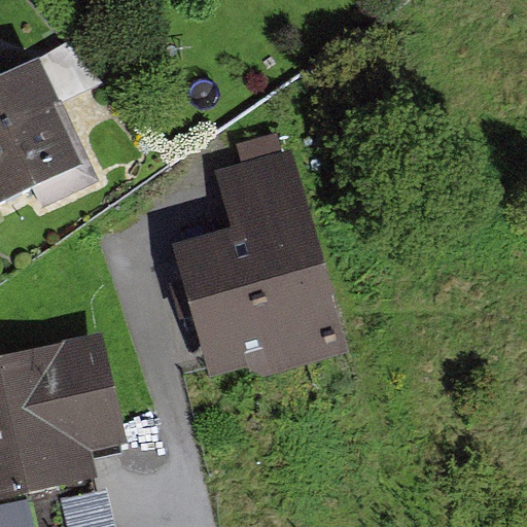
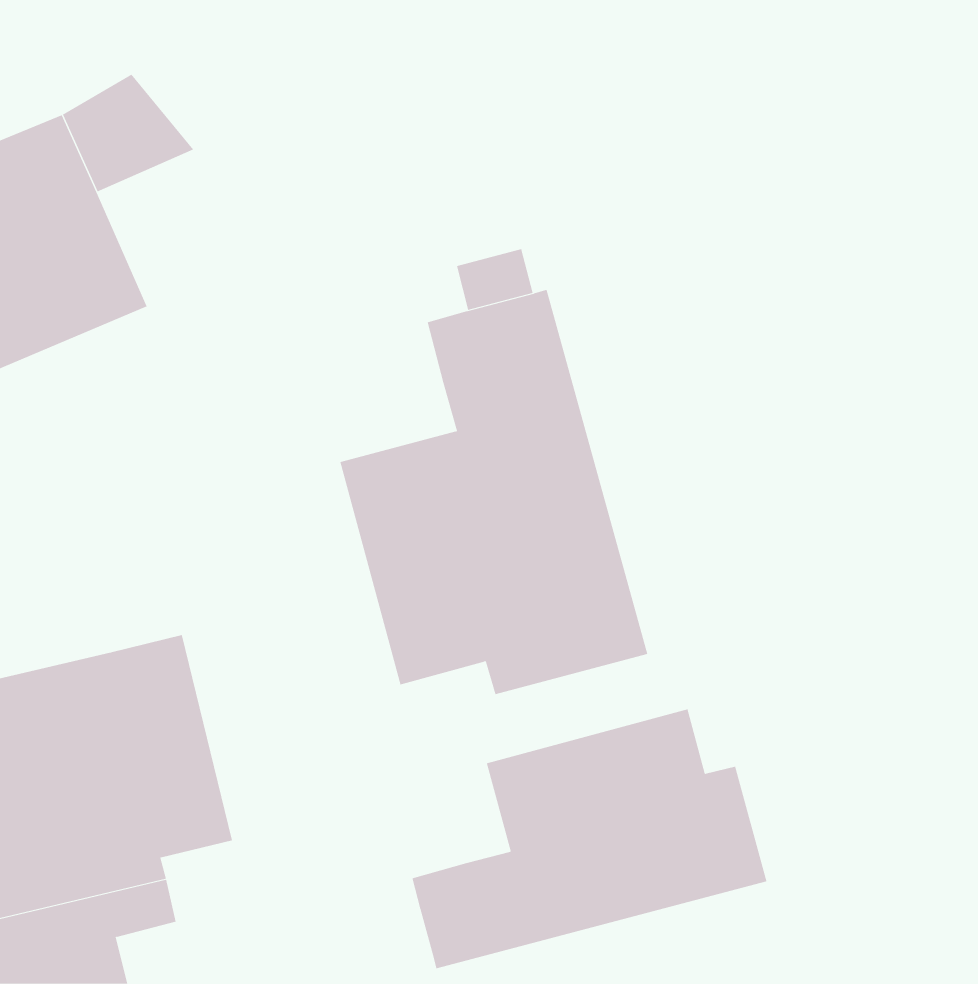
building: none -> [412,708,767,969]

